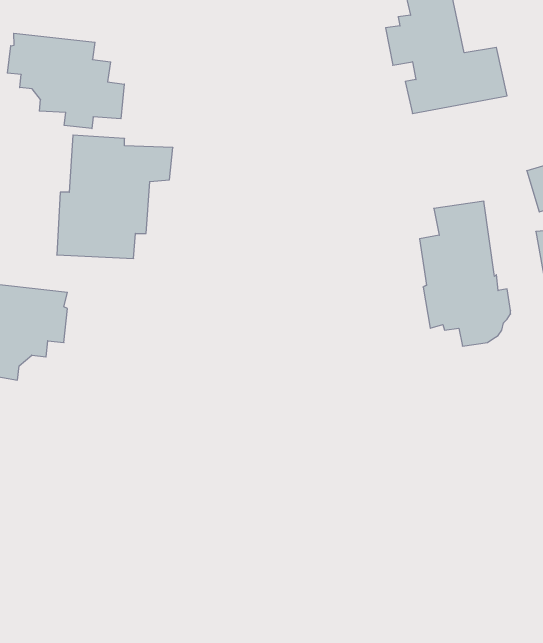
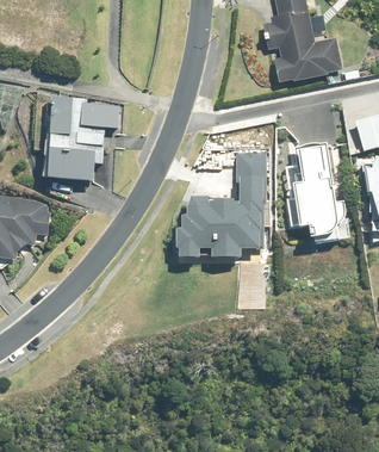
building: [7,33,124,129] -> none
building: none -> [174,150,267,261]

